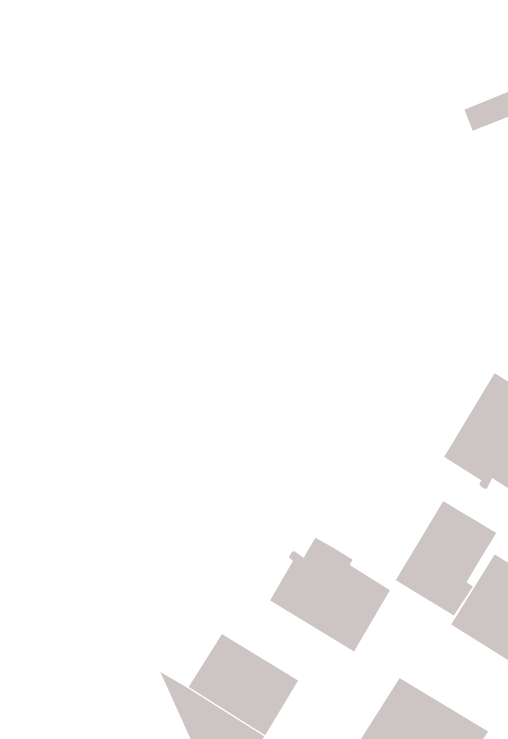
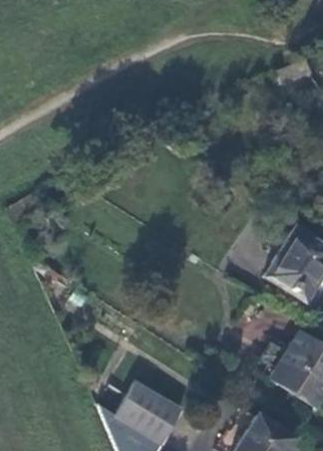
building: [395,500,497,616] -> none
building: [269,537,391,653] -> none

